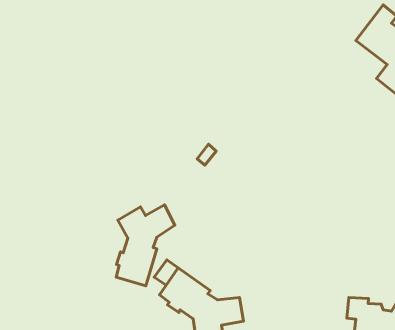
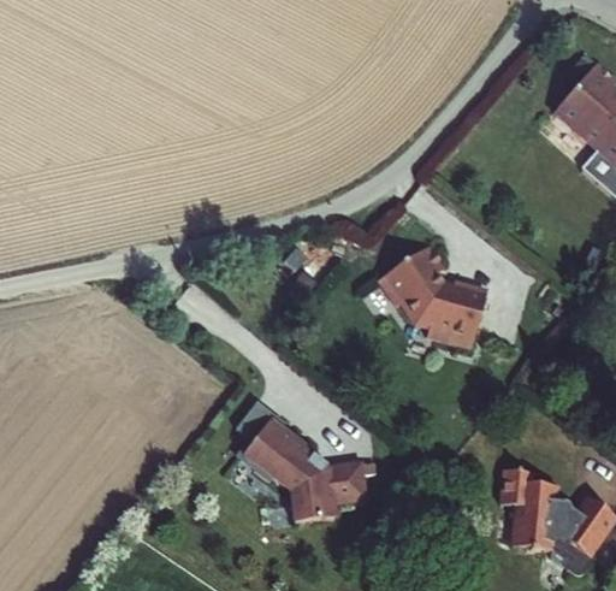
building: none -> [378,242,488,342]
building: [116,205,175,286] -> none

